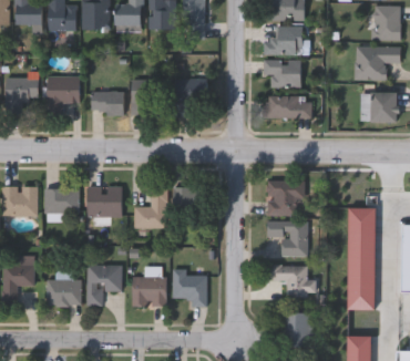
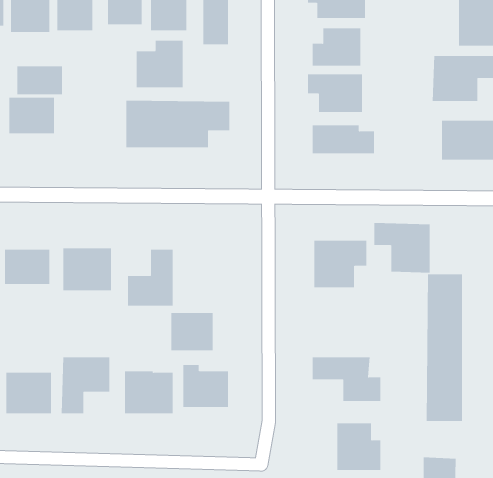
building: none -> [136,40,183,88]
building: [92,92,125,113] -> [17,66,63,95]
building: [172,187,203,215] -> [170,312,214,351]
building: [267,220,308,257] -> [373,223,430,273]

